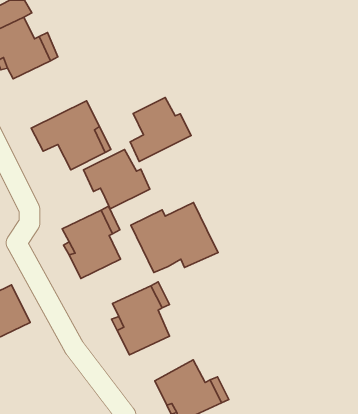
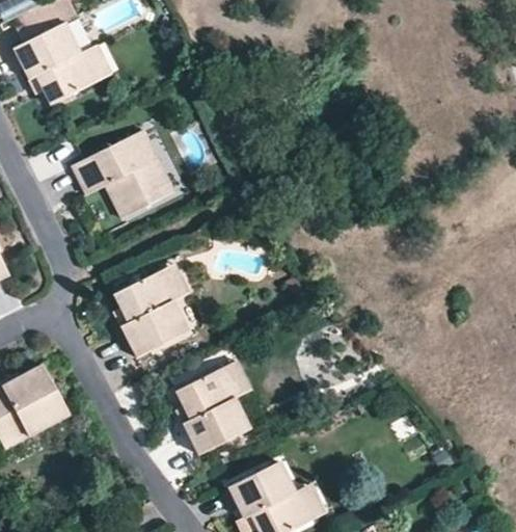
building: [130,97,191,161] -> none
building: [83,149,150,209] -> none
building: [131,202,218,272] -> none

